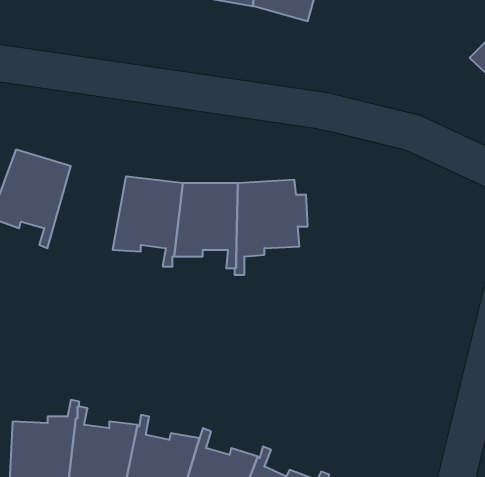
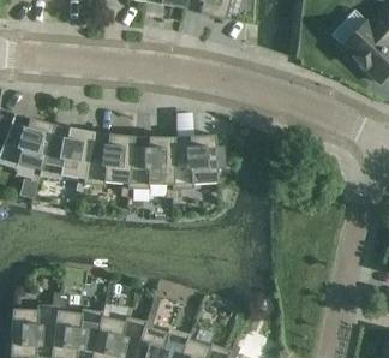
building: none -> [40,124,94,191]

